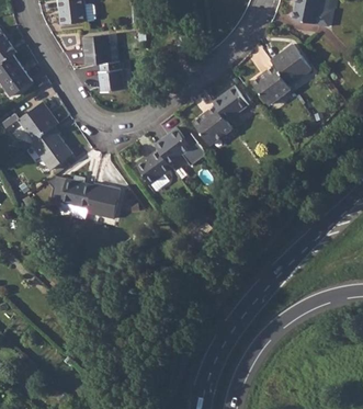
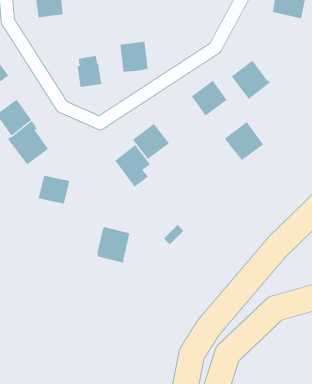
building: [83,35,112,66] -> [120,41,148,72]
building: [271,45,310,86] -> none
building: [193,106,232,146] -> [224,121,264,161]
building: [88,183,121,219] -> [97,227,130,263]

